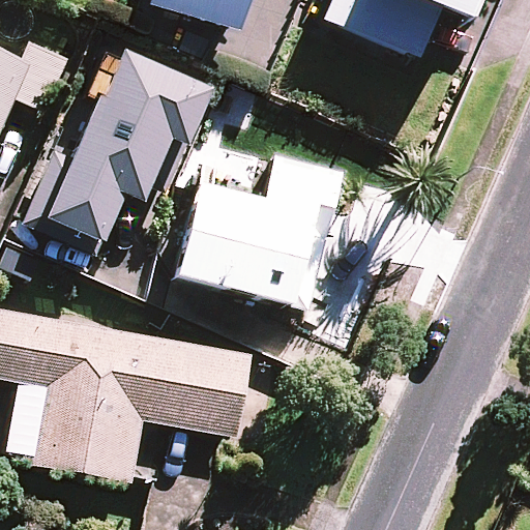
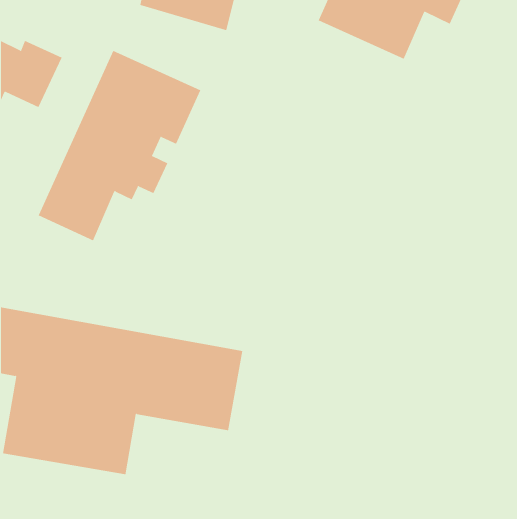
building: [178,156,343,307] -> none

